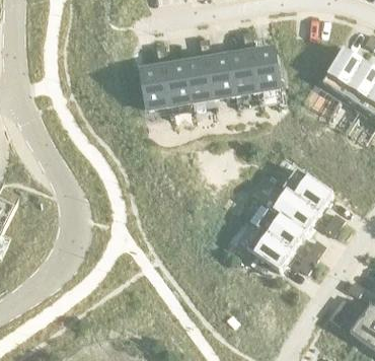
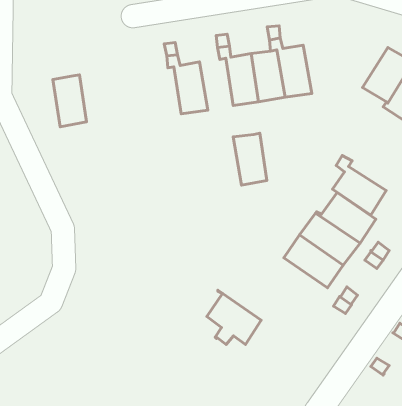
building: [184,57,213,100] -> [233,133,267,185]
building: [141,64,169,107] -> [53,75,87,127]
building: none -> [332,155,386,215]
building: [246,224,292,270] -> [207,290,261,344]

